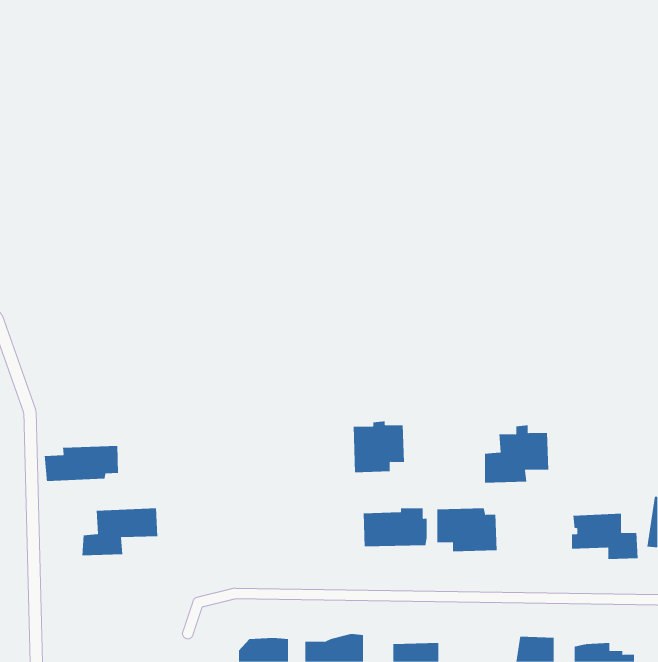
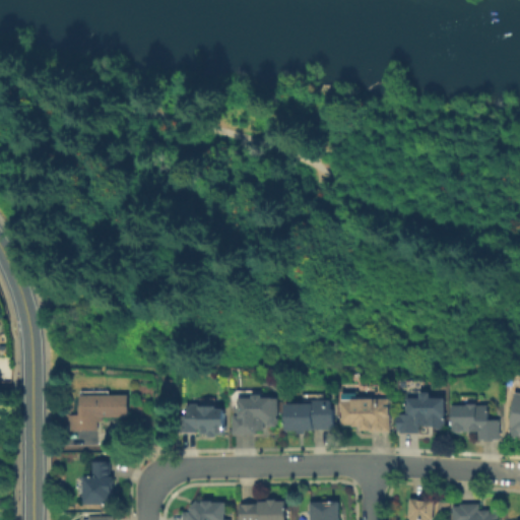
building: [353,421,405,473] -> [235,395,275,436]
building: [484,425,549,483] -> [393,392,444,438]
building: [44,445,119,482] -> none
building: none -> [176,402,221,438]
building: none -> [78,459,112,503]

